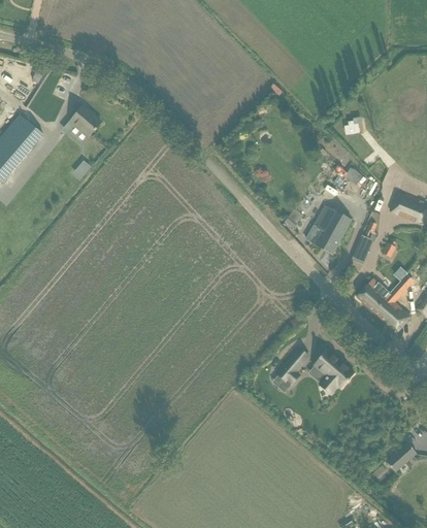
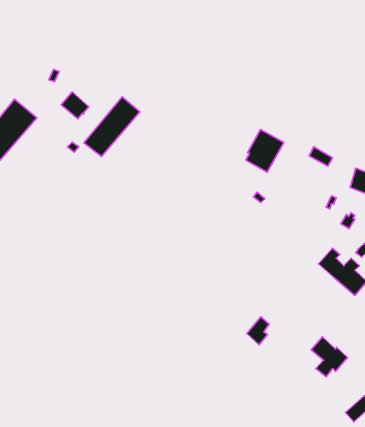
building: none -> [84,97,140,156]
building: [308,205,351,253] -> [246,129,284,172]
building: [314,350,354,394] -> [311,337,348,377]

